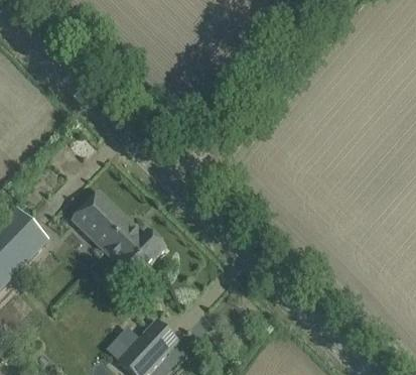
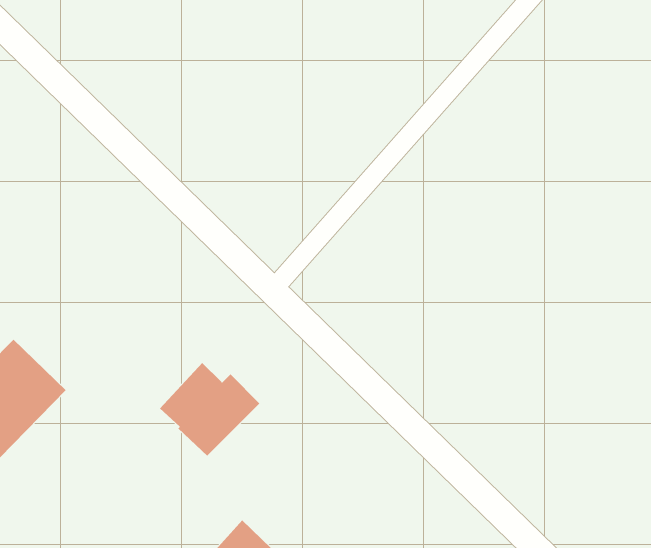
building: [72,191,131,250] -> none

